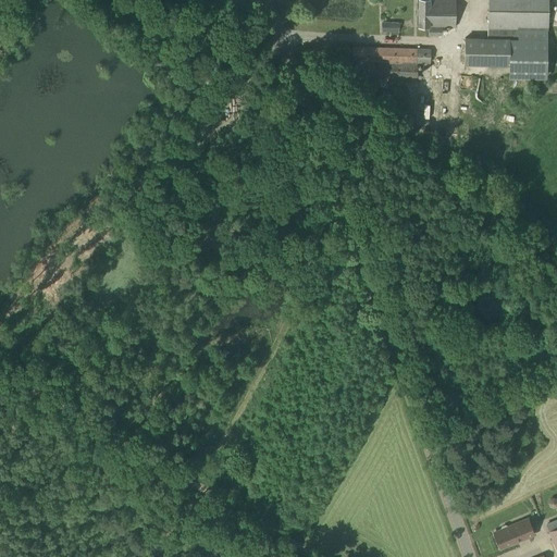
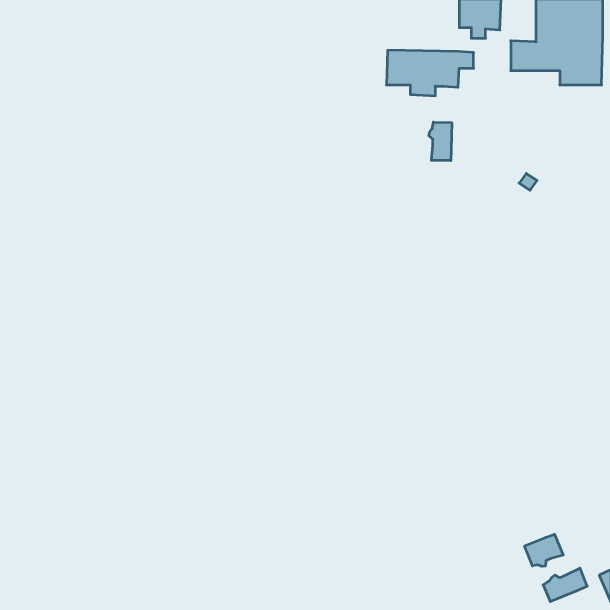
building: none -> [429,122,452,161]
building: none -> [525,534,563,566]

